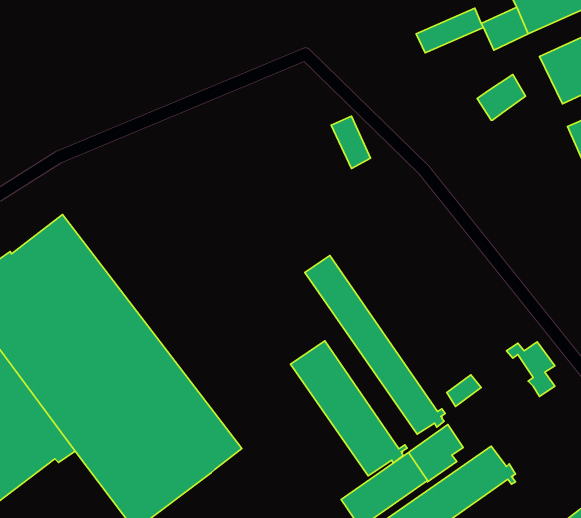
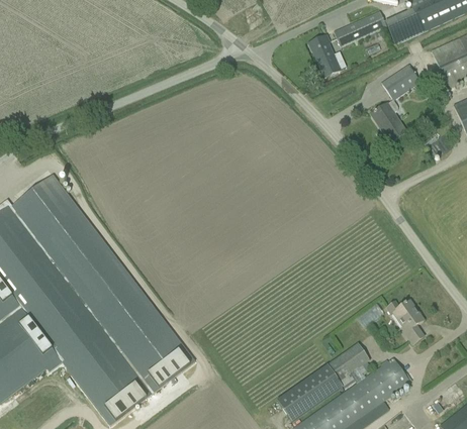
building: [331,116,370,168] -> [308,36,340,78]
building: none -> [371,100,406,141]
building: [305,256,445,434] -> none
building: [290,341,407,476] -> none
building: [506,342,555,397] -> [386,301,425,344]

